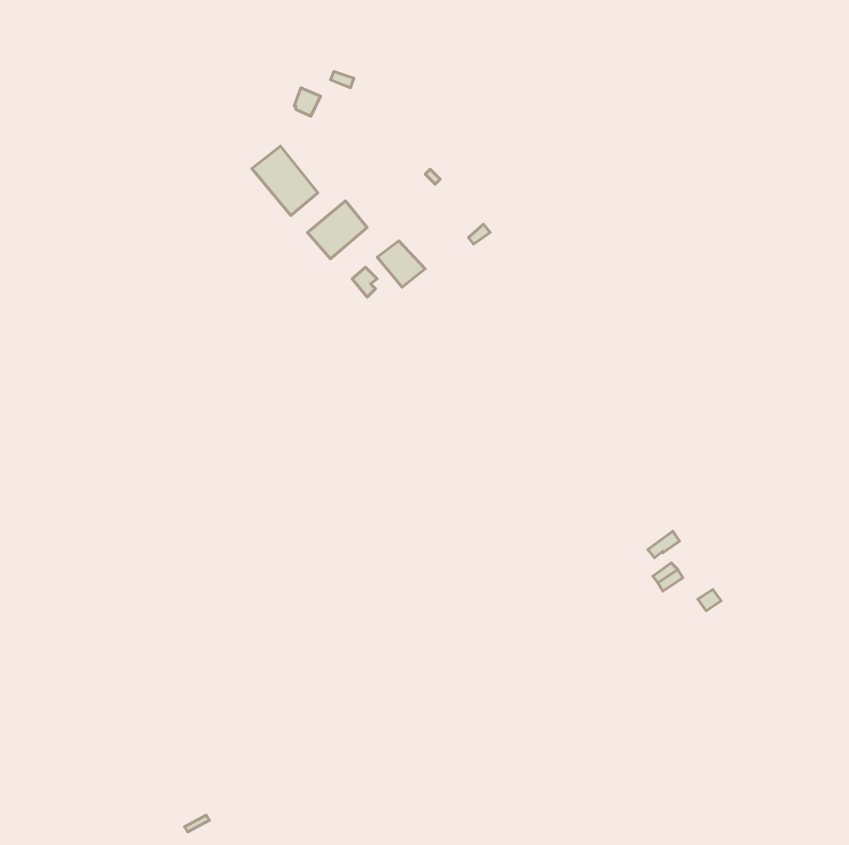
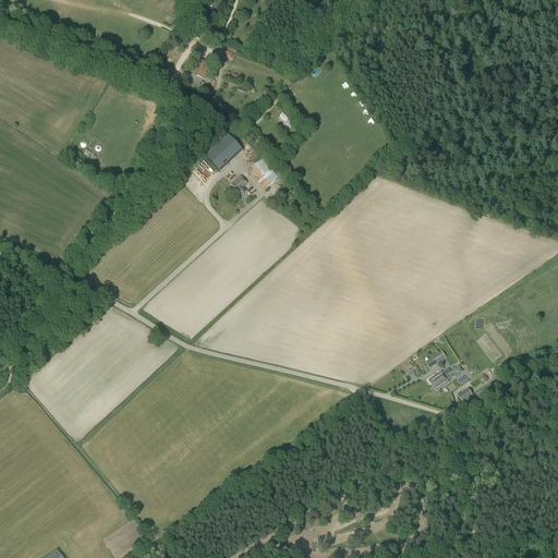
building: [252,146,318,215] -> none

